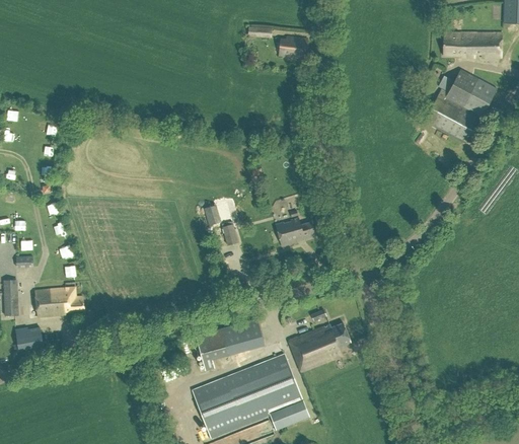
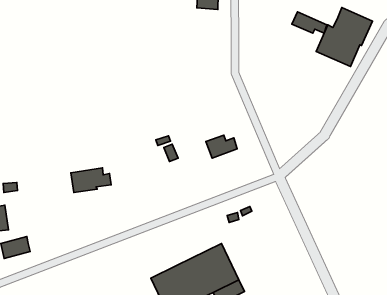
building: none -> [292,12,327,33]
building: [33,288,83,316] -> [71,168,111,193]
building: [195,318,264,371] -> none
building: [289,322,349,371] -> none

